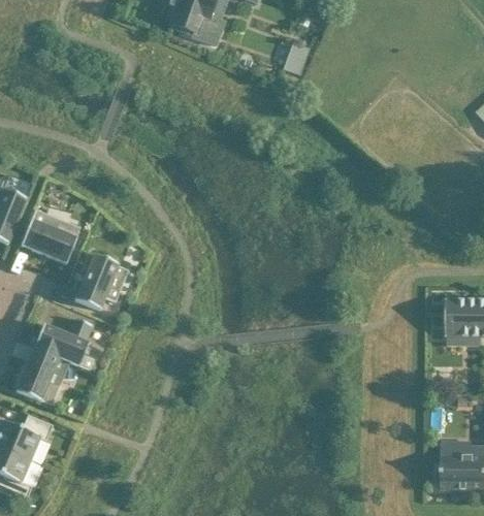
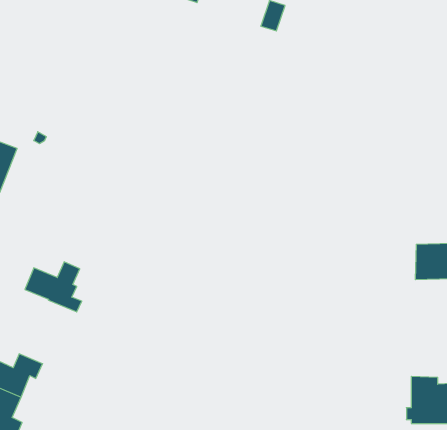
building: [20,208,78,264] -> none
building: [73,254,127,311] -> none
building: [14,347,58,405] -> none

